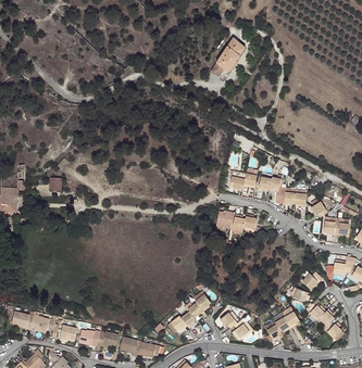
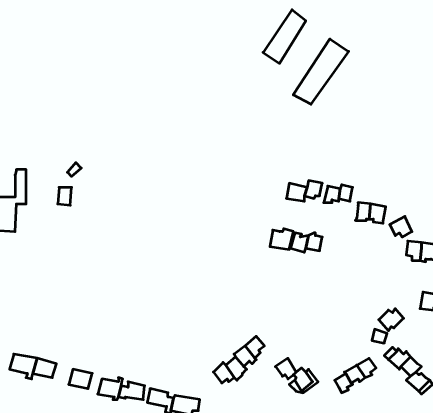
building: none -> [293,39,349,104]

